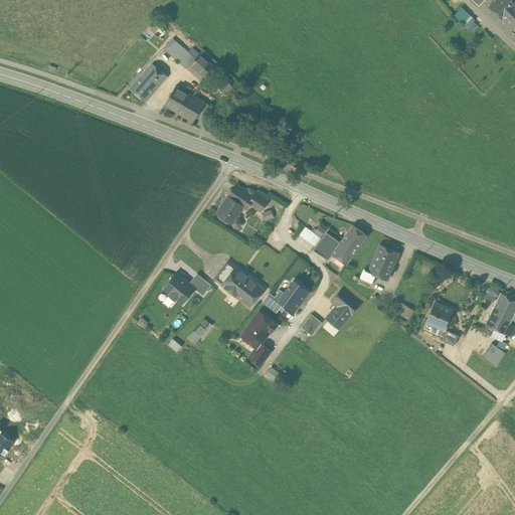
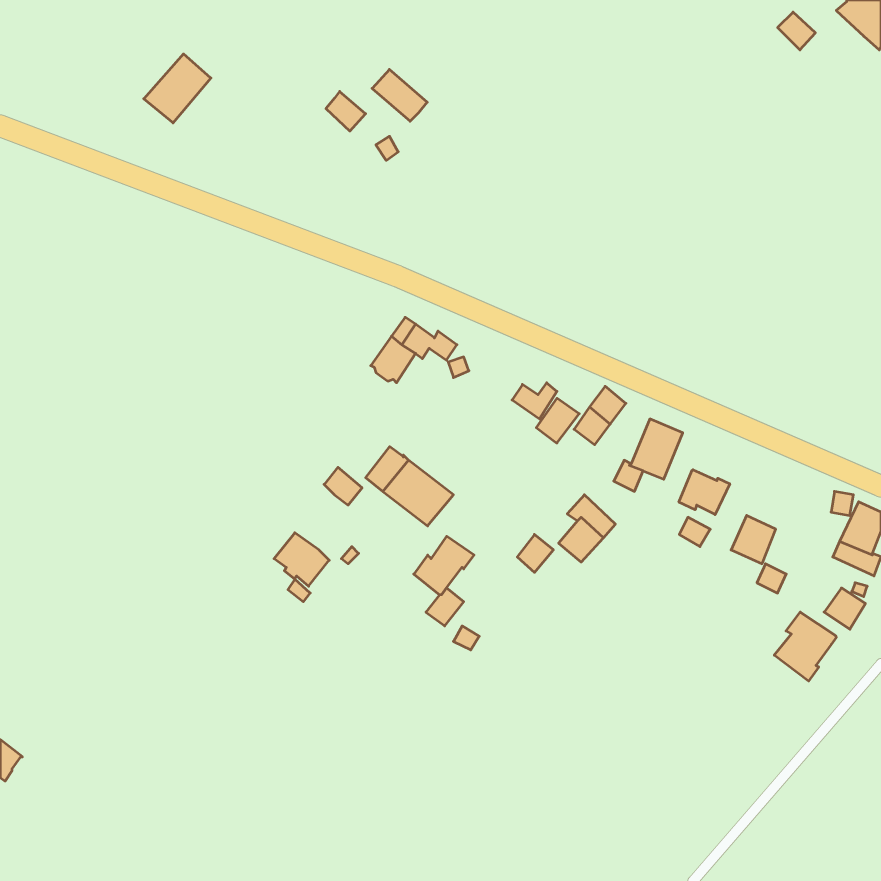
building: [163,38,195,68] -> [372,69,427,121]
building: [129,62,168,103] -> [144,54,211,123]
building: [164,85,204,122] -> none
building: [163,273,195,304] -> [274,533,329,586]
building: none -> [679,470,730,515]
building: [279,280,309,311] -> none
building: none -> [774,612,836,681]

